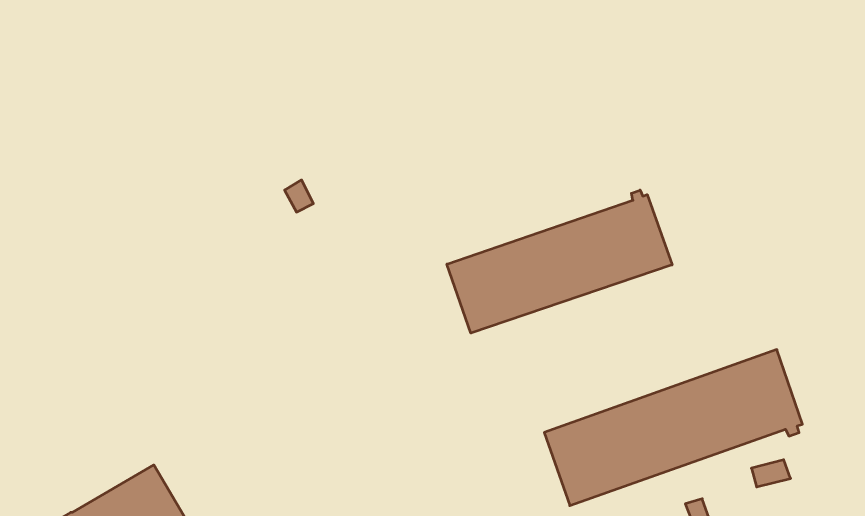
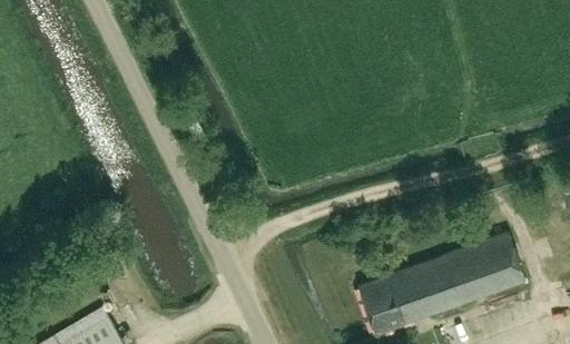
building: [447,190,672,333] -> none

